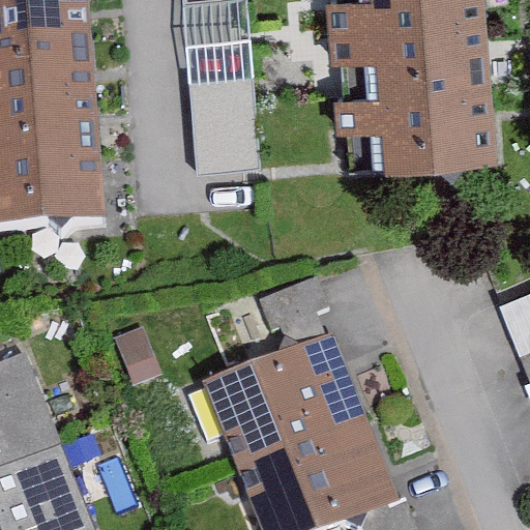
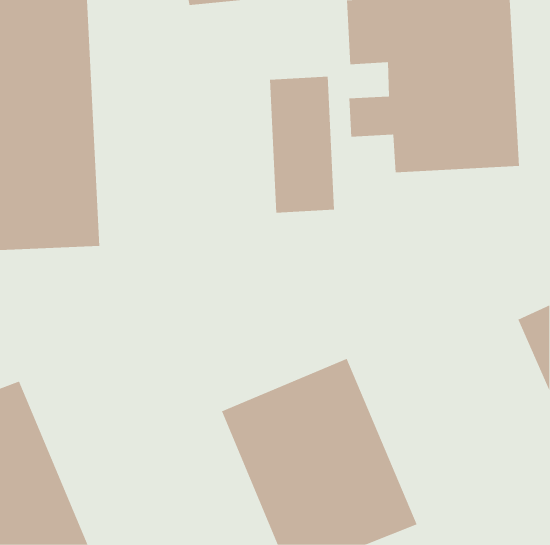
building: [188,40,252,172] -> [269,76,335,213]

